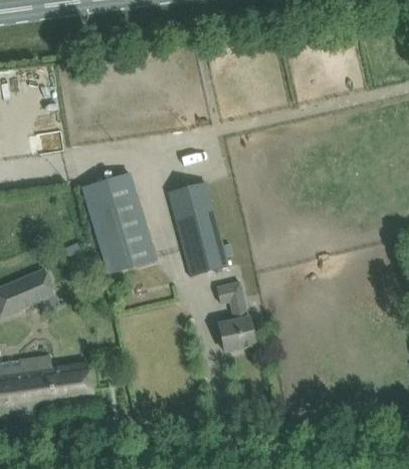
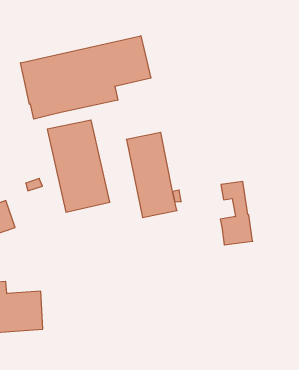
building: none -> [21,36,151,119]
building: [216,281,254,350] -> [220,181,253,245]

